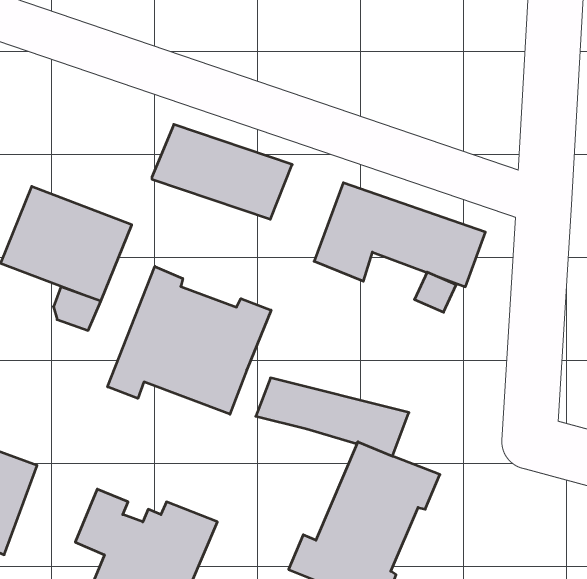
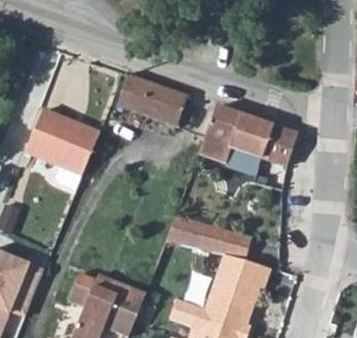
building: [108,266,271,414] -> none

